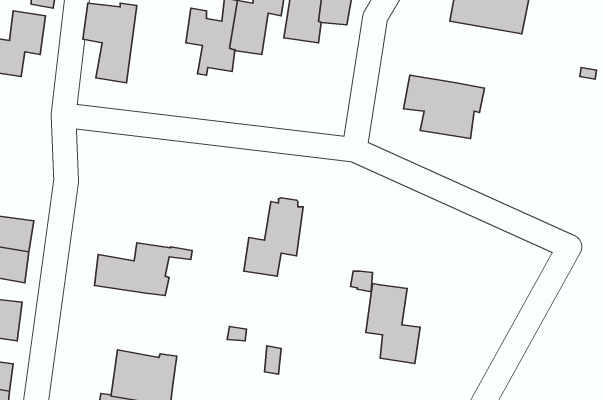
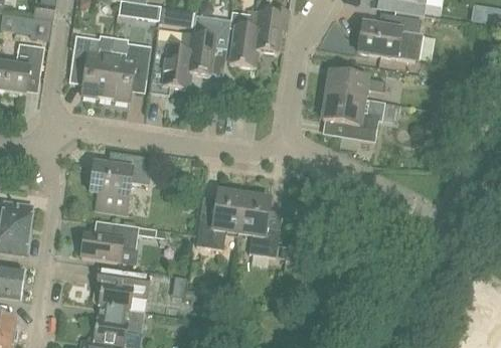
building: none -> [105,37,151,101]
building: none -> [326,70,383,98]
building: none -> [90,153,151,214]
building: [366,283,420,363] -> [237,194,280,256]
building: none -> [93,268,150,312]

